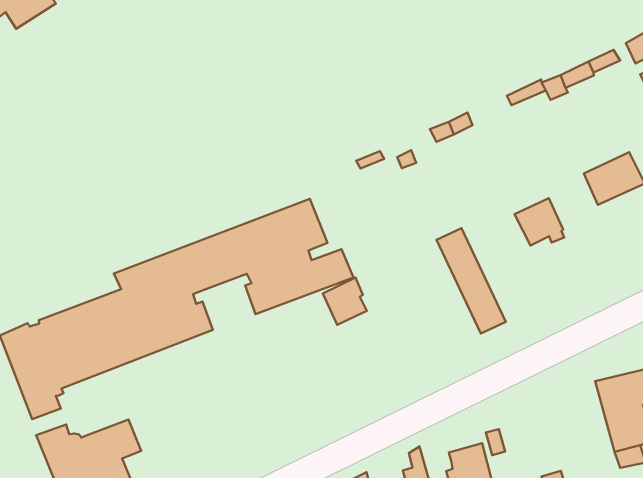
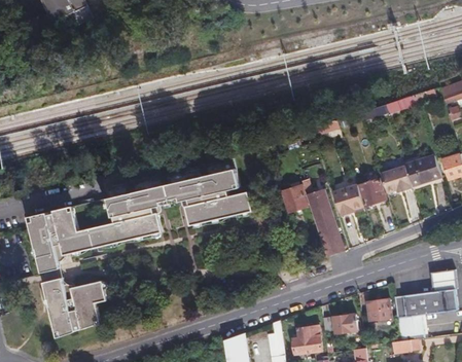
building: none -> [381,166,411,192]
building: none -> [333,184,364,213]
building: [323,277,367,325] -> [282,183,308,211]
building: none -> [366,297,392,320]
building: none -> [333,312,357,332]

